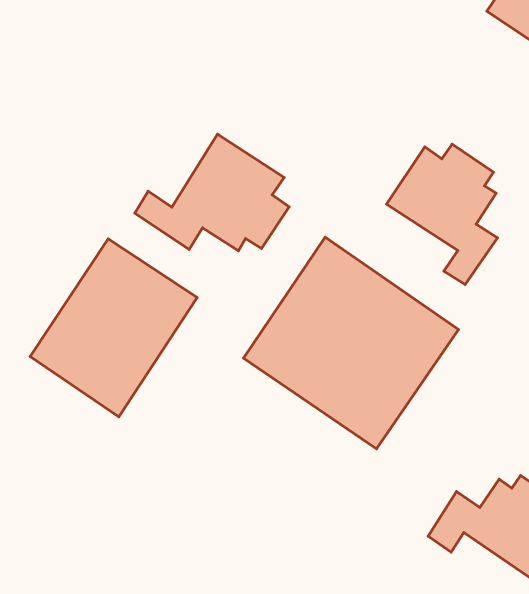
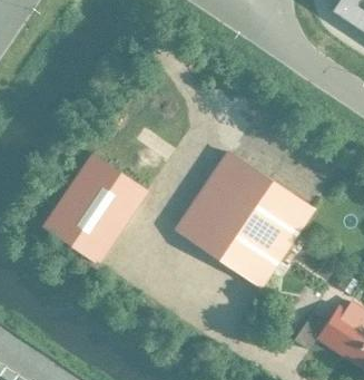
building: [135,134,289,251] -> none
building: [387,144,497,285] -> none

